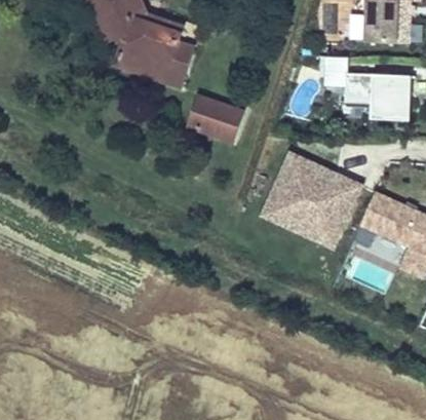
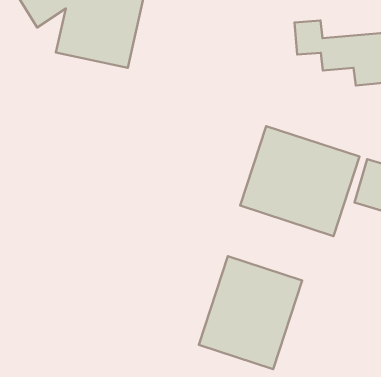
building: [187,92,243,140] -> none
building: none -> [199,256,302,369]

